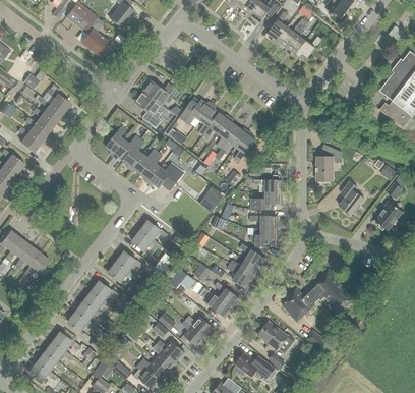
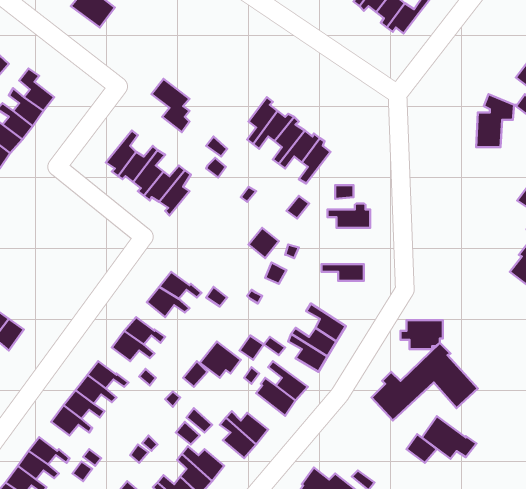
building: [143,80,181,105] -> none
building: [180,99,213,124] -> none
building: [316,145,342,180] -> [476,94,514,147]
building: [147,163,183,189] -> none
building: [339,182,365,215] -> none
building: [250,191,282,209] -> none
building: [249,227,278,246] -> [400,320,443,349]
building: [258,321,295,349] -> [422,416,476,459]

